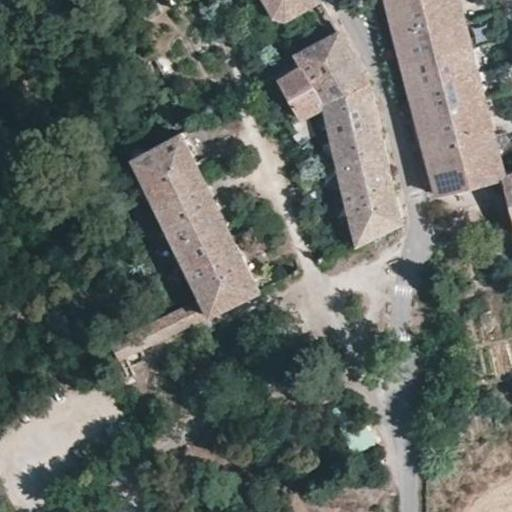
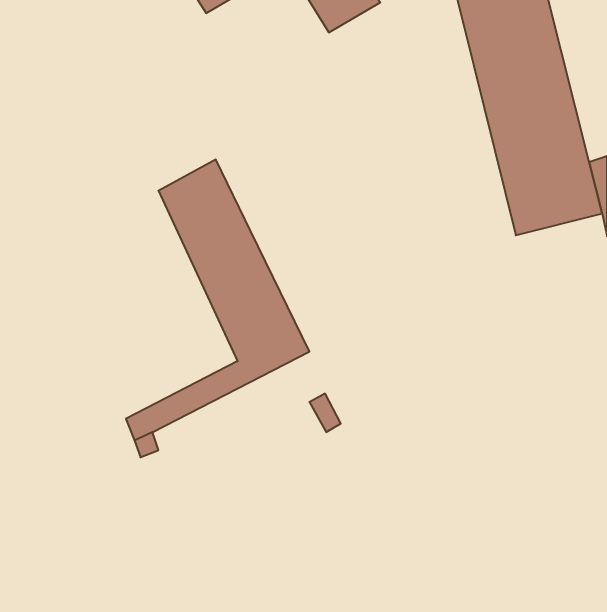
building: [277,31,399,244] -> none

